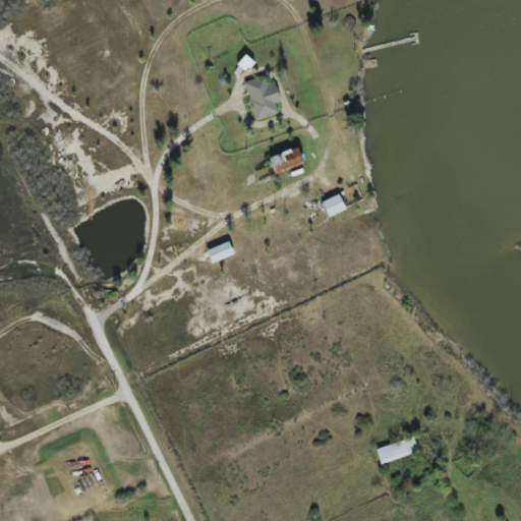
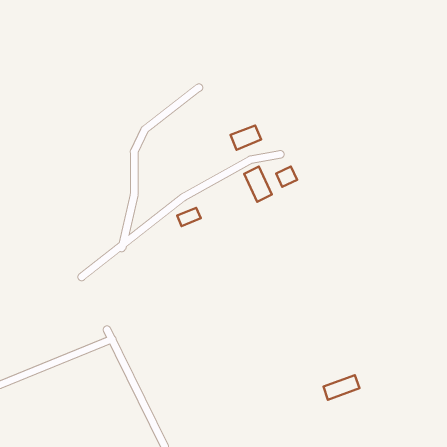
building: [244,75,280,120] -> none
building: none -> [244,166,272,202]

